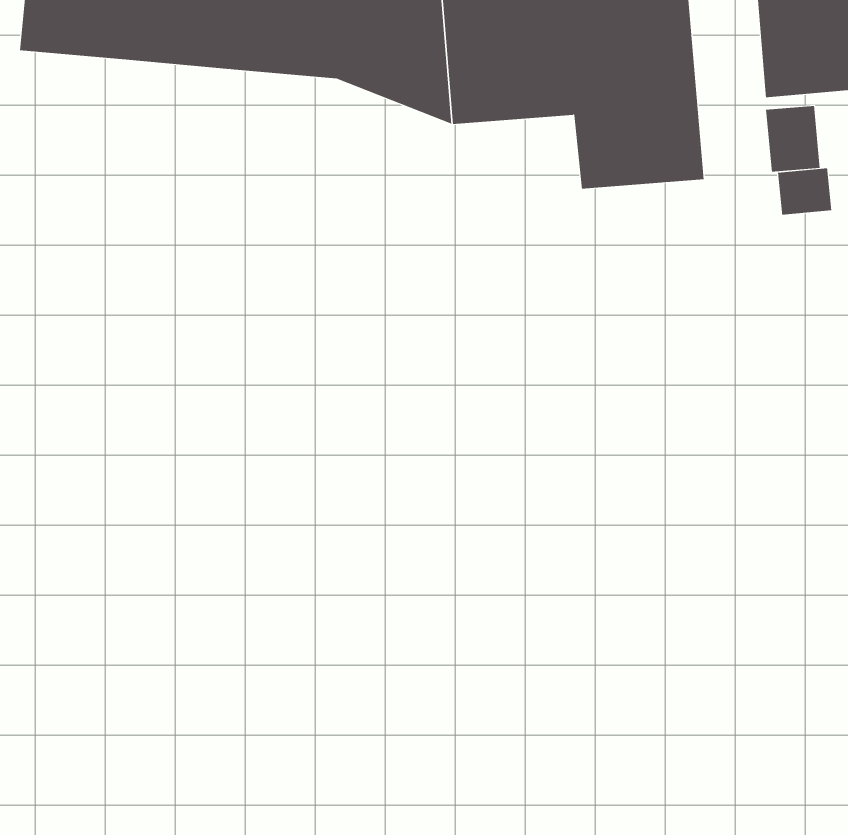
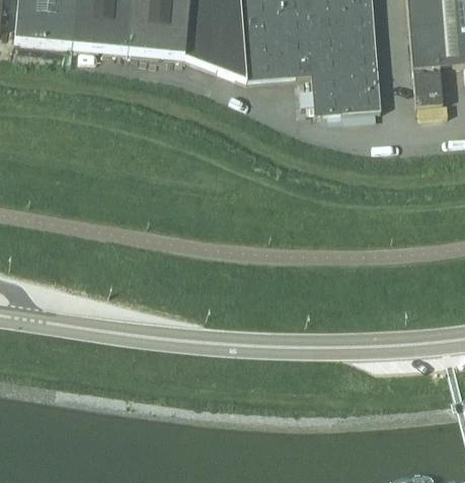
building: [777,168,832,216] -> none

